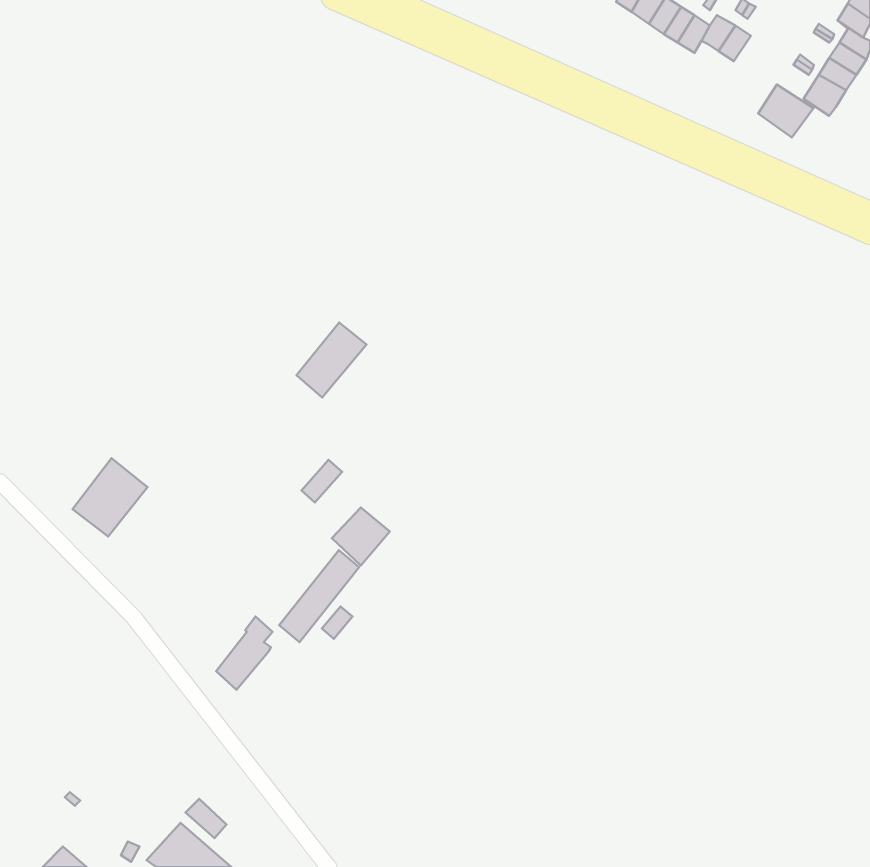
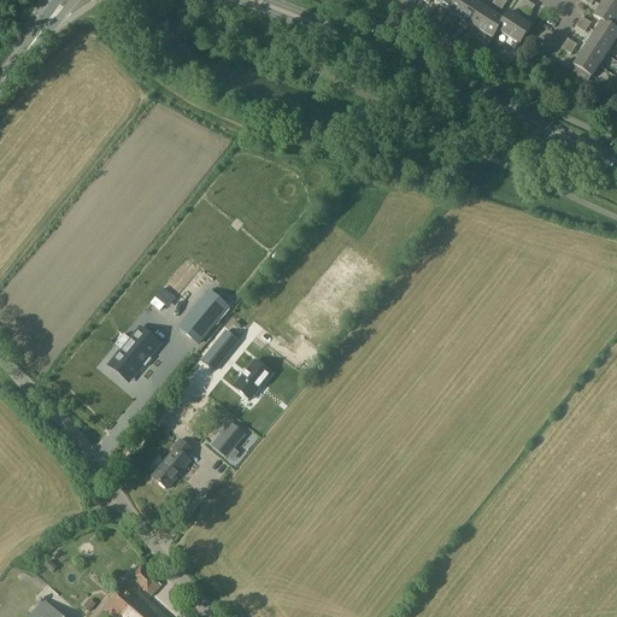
building: [758,84,814,138] -> none
building: [297,322,366,397] -> [178,289,228,342]
building: [72,458,147,537] -> [105,324,158,380]

